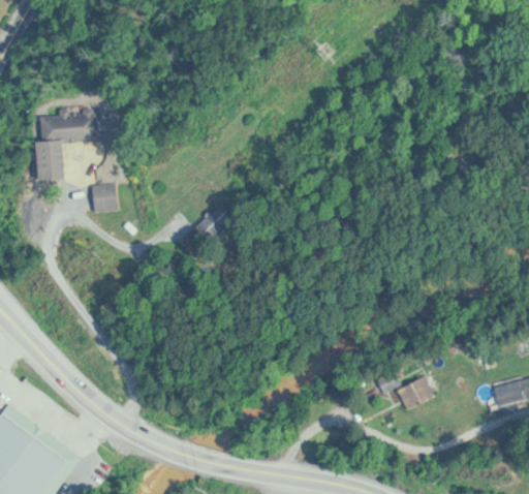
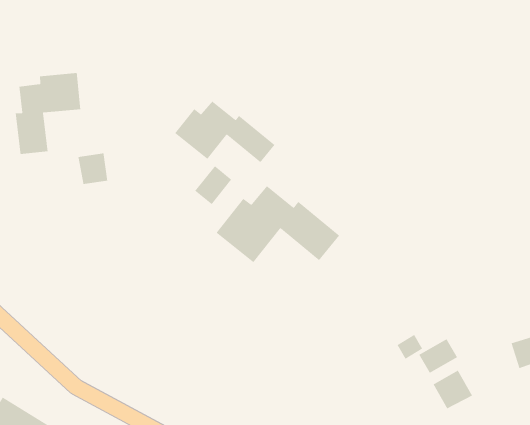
building: none -> [174,100,275,163]
building: none -> [215,185,340,263]
building: none -> [433,369,473,409]

